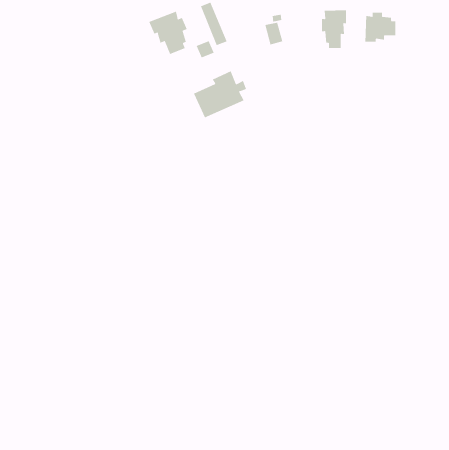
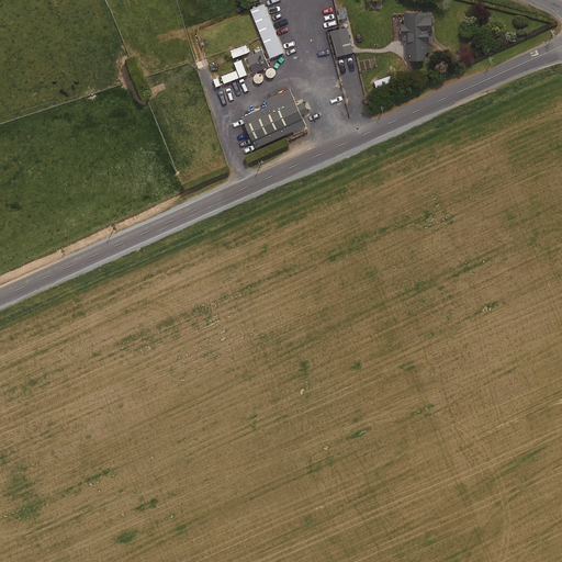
building: [149,11,187,55] -> none
building: [365,12,396,42] -> none

